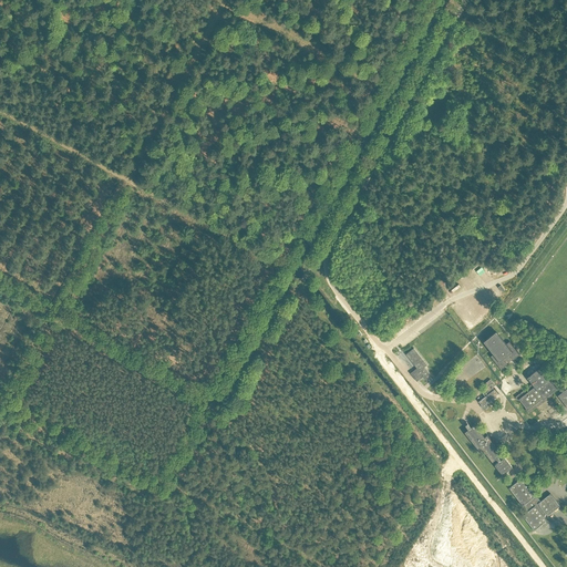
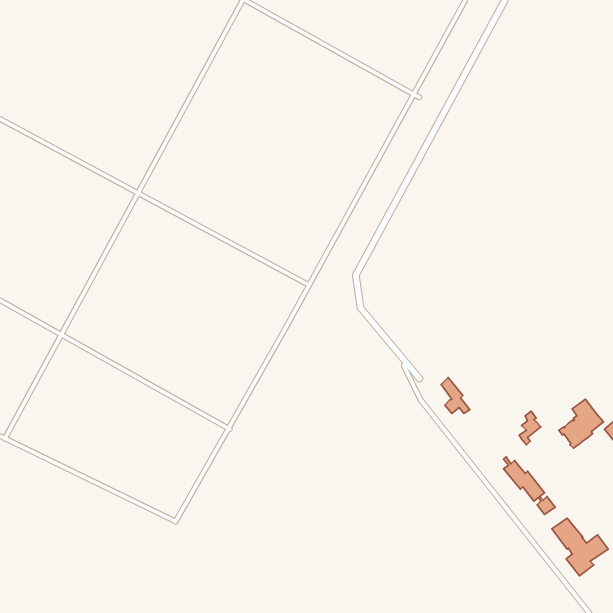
building: [484,332,520,370] -> none

